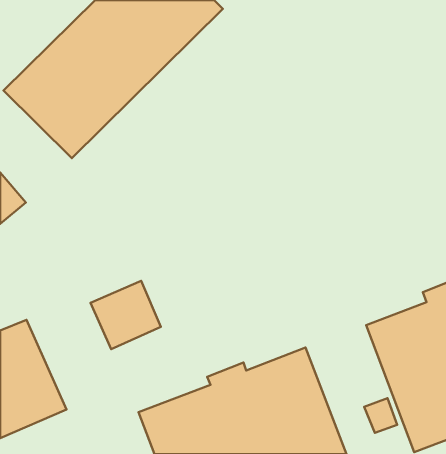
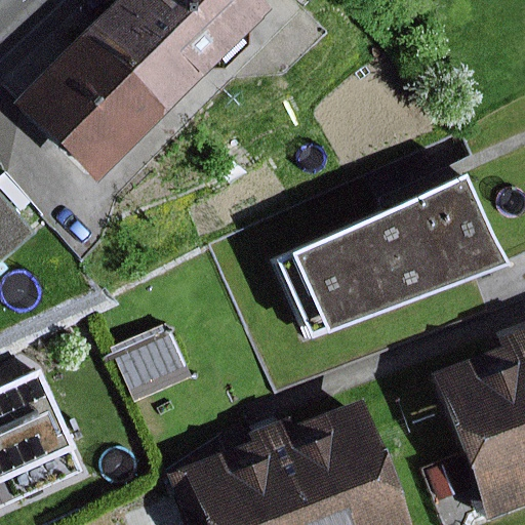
building: none -> [274,174,507,338]

